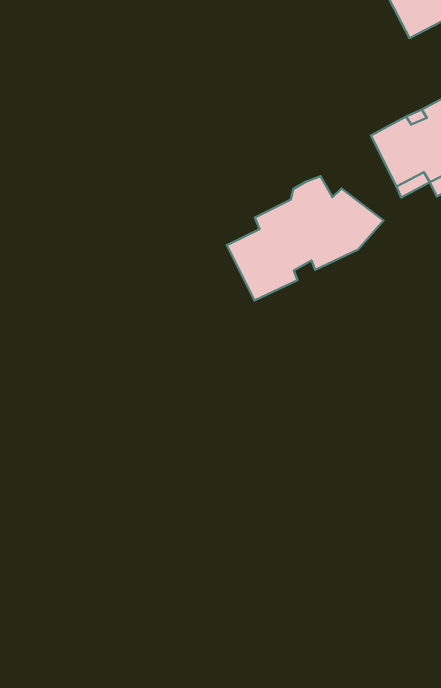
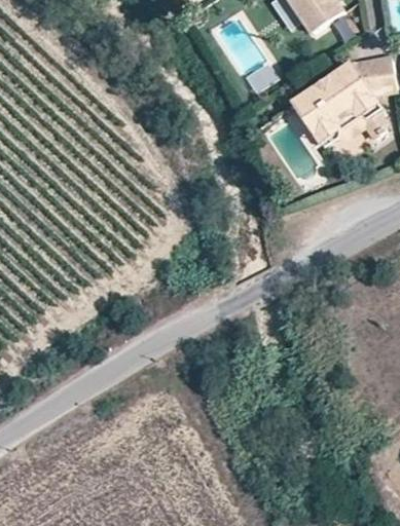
building: [227,176,384,300] -> none

